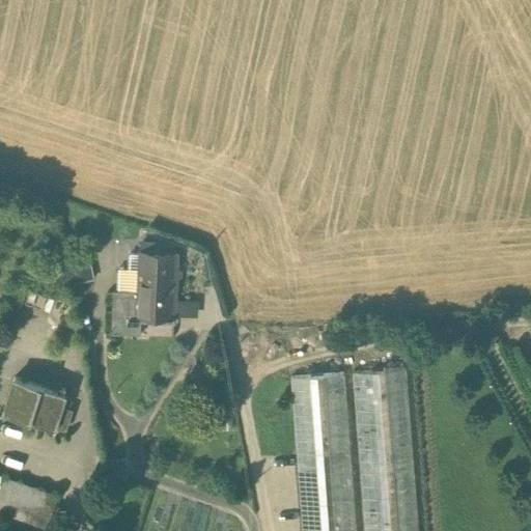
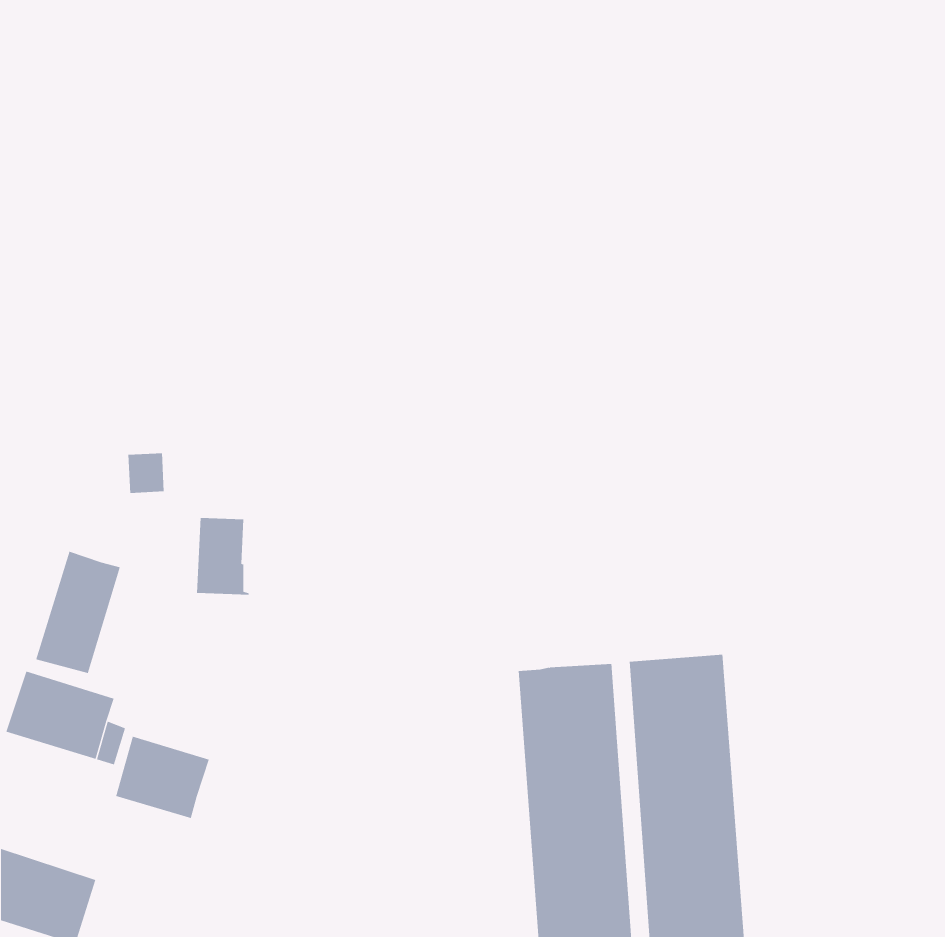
building: [136,257,175,322] -> none
building: none -> [36,551,121,674]
building: none -> [115,736,209,819]

